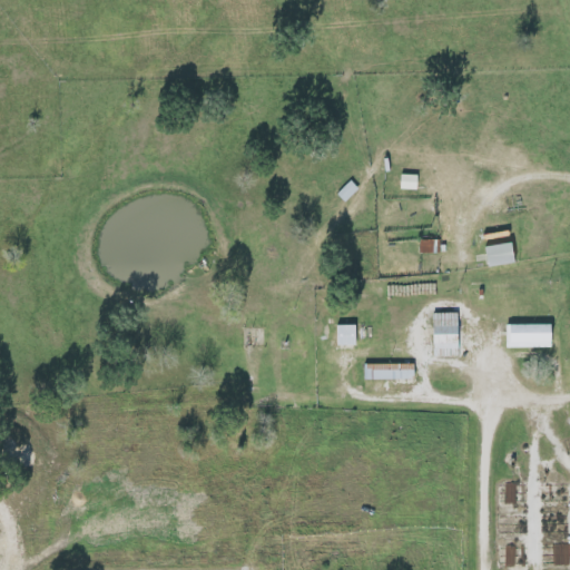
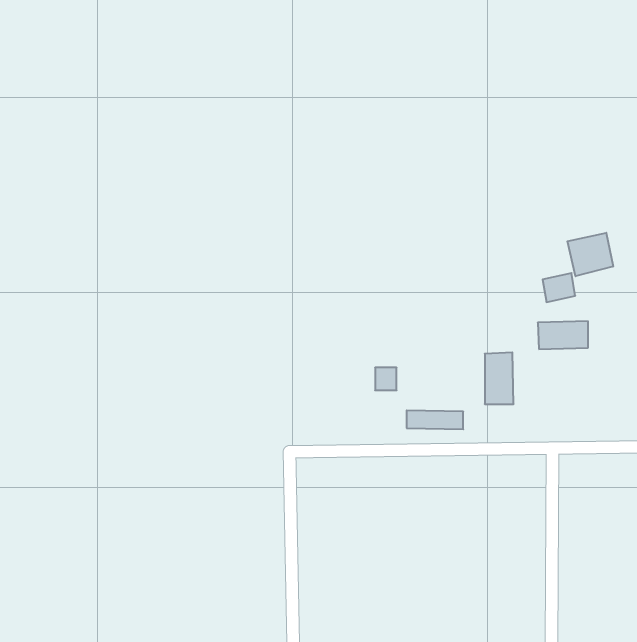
building: none -> [567,233,613,276]
building: [507,323,551,347] -> [538,321,588,349]

